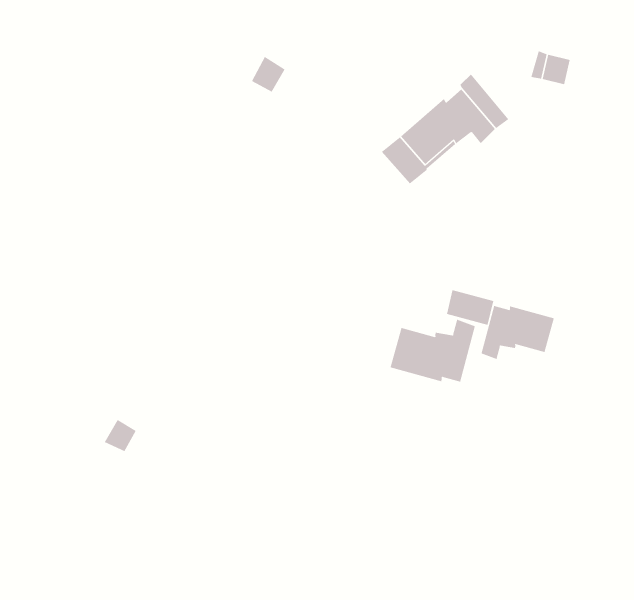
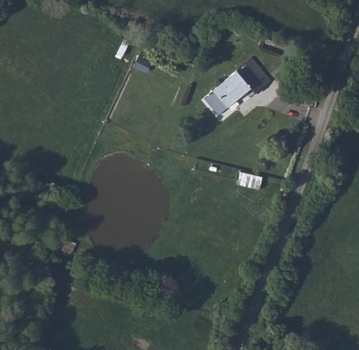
building: [481,305,554,360] -> none
building: [390,319,476,382] -> none

